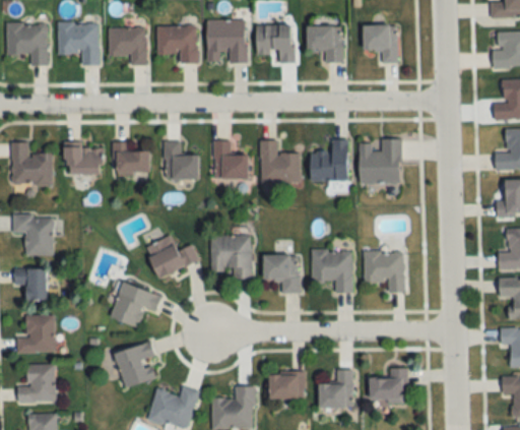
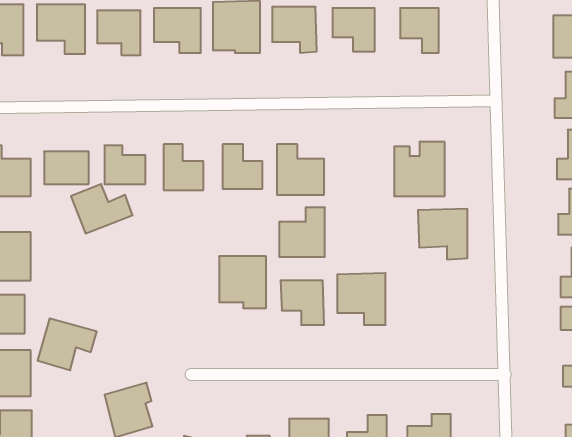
building: [310,139,348,181] -> [279,207,325,257]
building: [146,235,198,277] -> [71,184,133,233]
building: [363,250,404,293] -> [418,209,467,259]
building: [111,283,160,326] -> [38,318,97,370]

